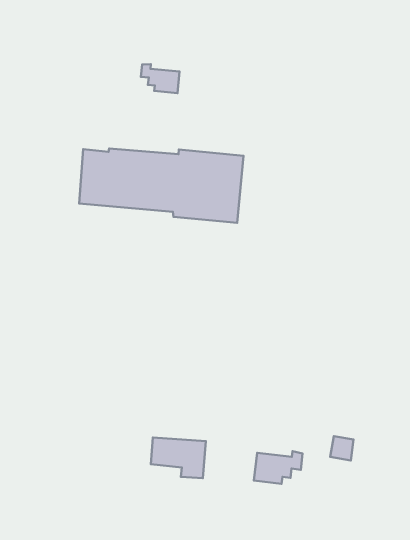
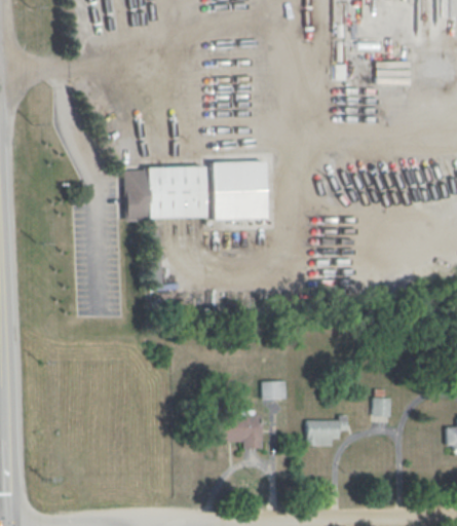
building: [141,64,180,93] -> none
building: none -> [263,381,288,399]

